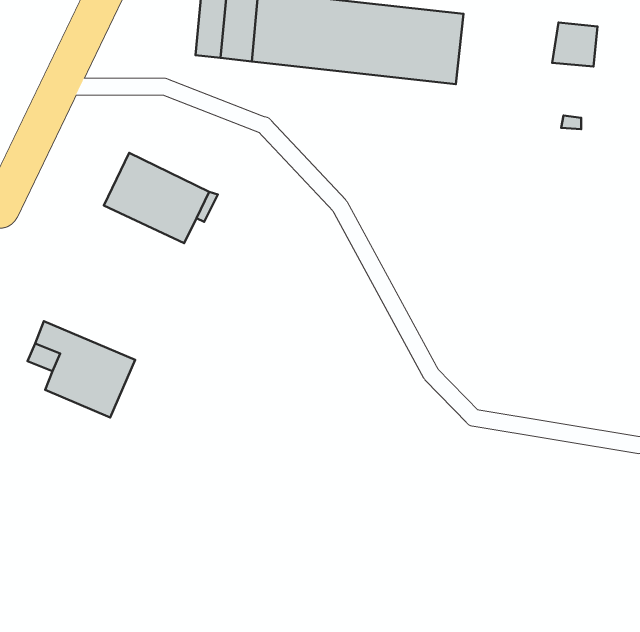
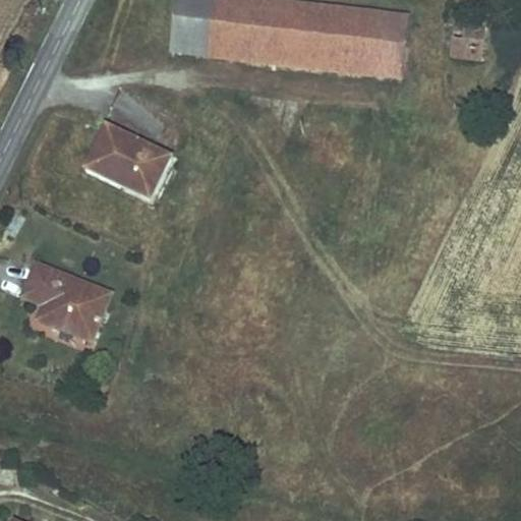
building: none -> [370,11,403,71]

